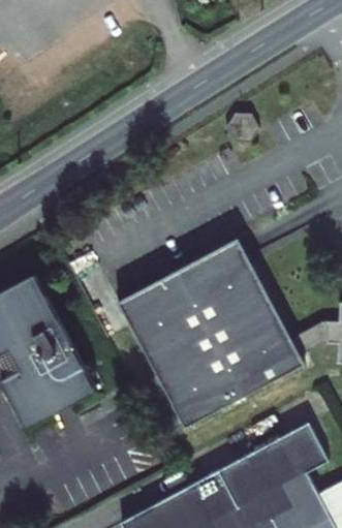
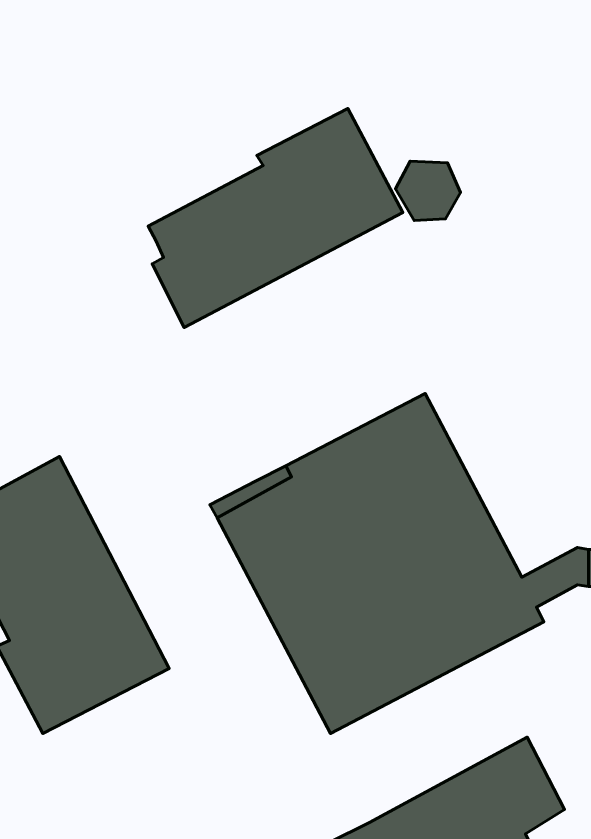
building: none -> [148,109,403,328]

